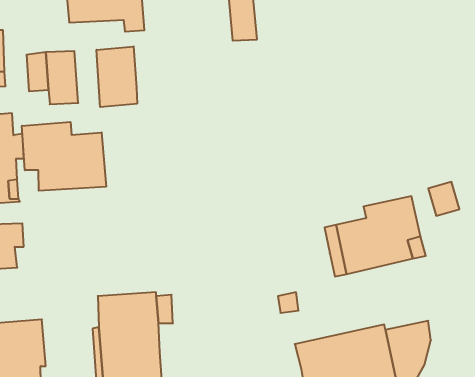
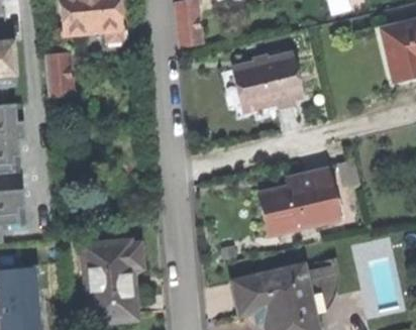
building: [97,46,137,107] -> none
building: none -> [239,56,303,108]
building: [22,122,106,191] -> none

